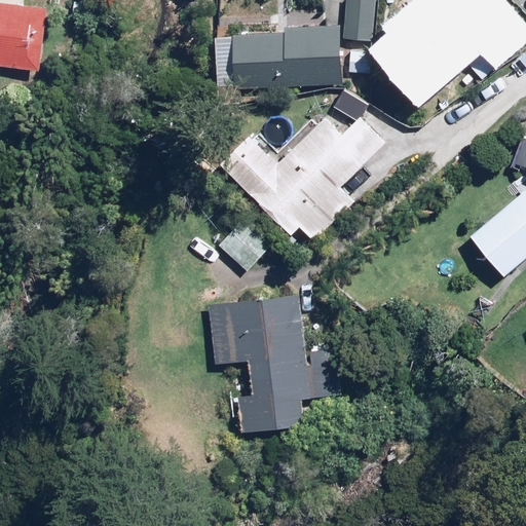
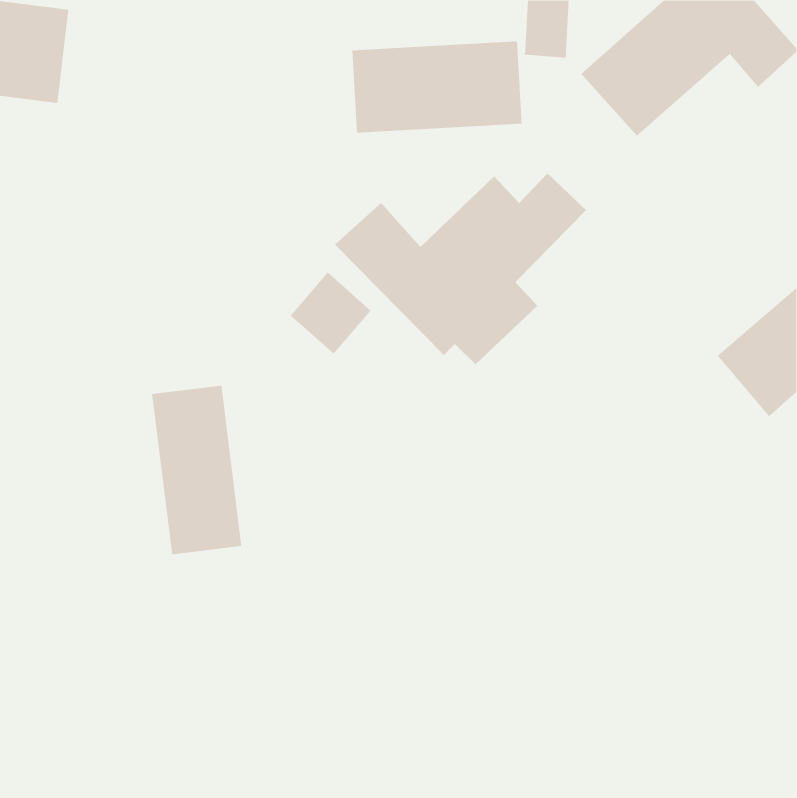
building: [218,218,271,272] -> [290,272,371,355]
building: none -> [152,385,242,555]
building: [208,295,341,431] -> none

